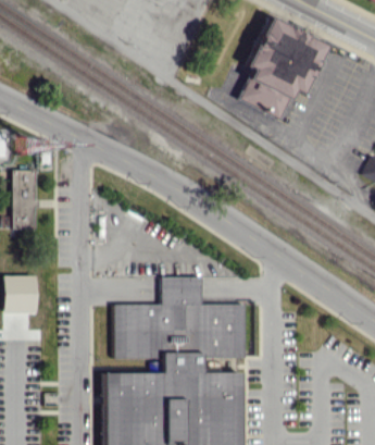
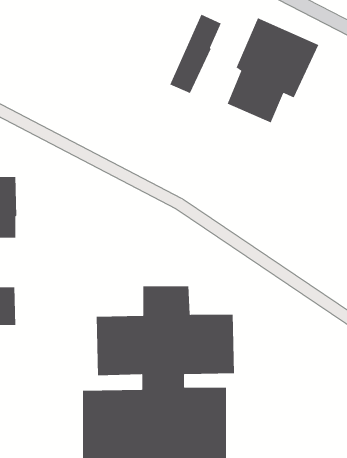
building: none -> [170,14,222,94]

